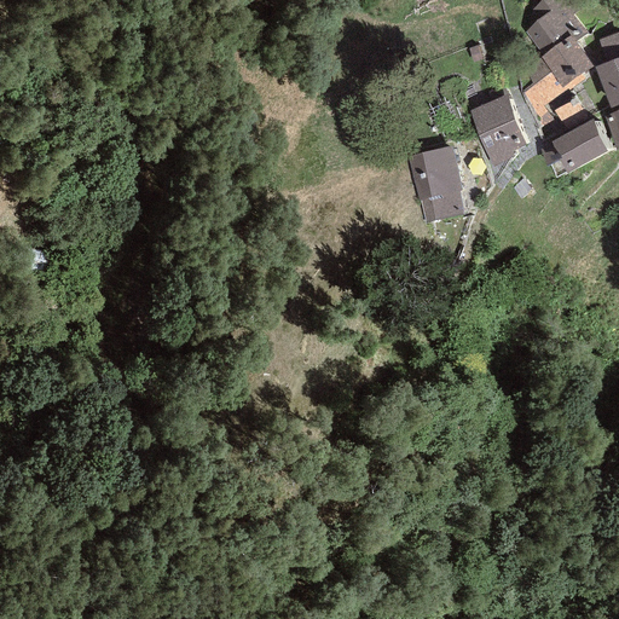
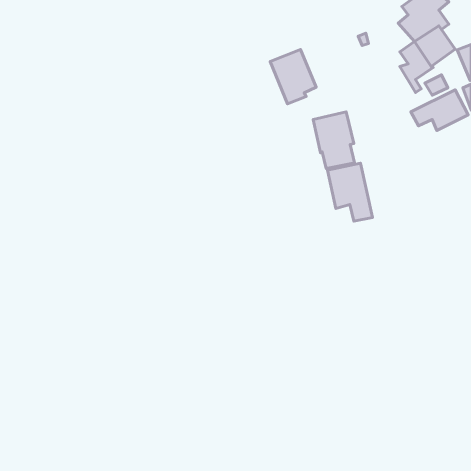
building: [469,93,530,164] -> [270,49,316,104]
building: none -> [327,163,373,221]

